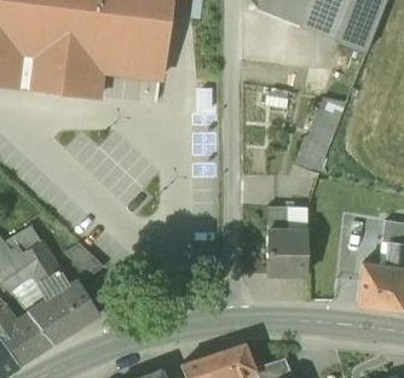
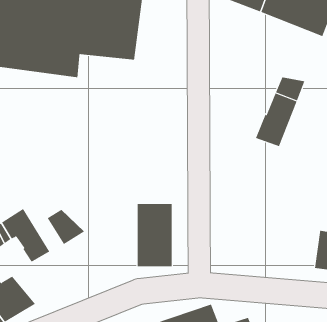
building: [269,207,307,275] -> [137,204,172,267]
building: [29,280,102,343] -> none

